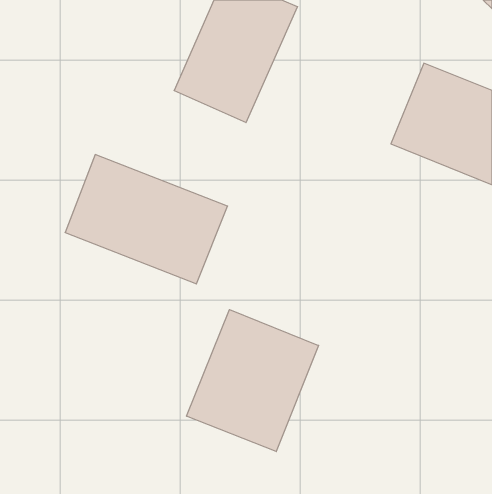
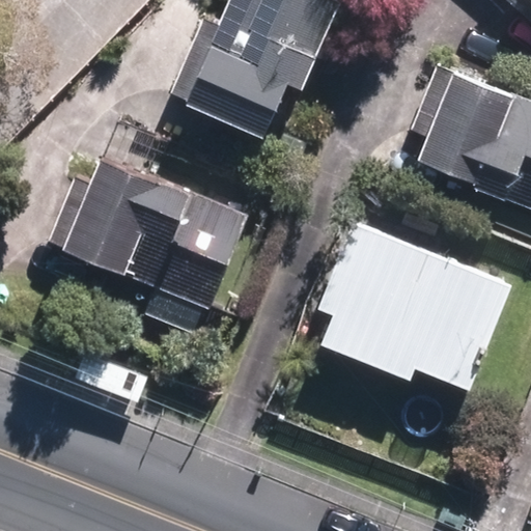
building: none -> [324,227,498,382]
building: [187,310,319,452] -> none

